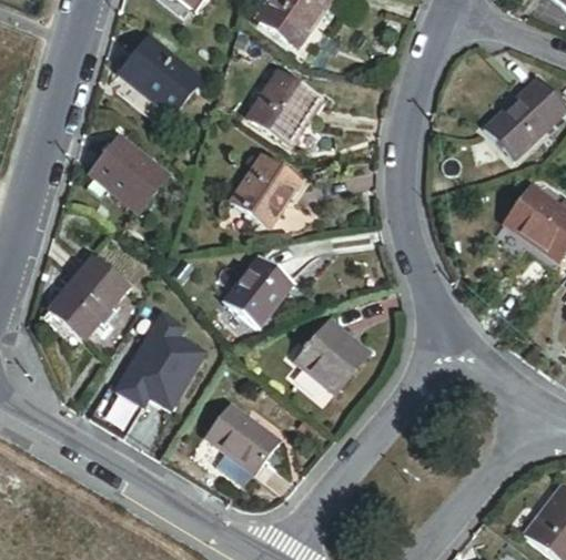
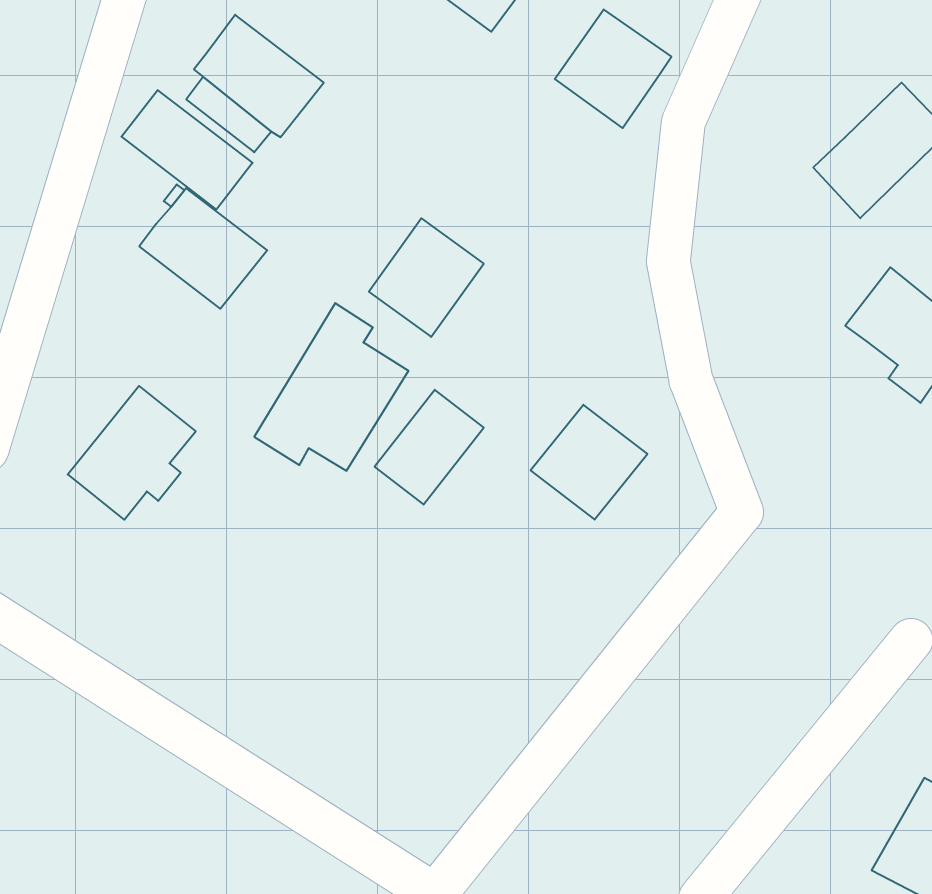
building: [250,78,319,147] -> [555,9,671,128]
building: none -> [121,90,253,209]
building: [115,309,206,408] -> [254,303,409,471]
building: [297,322,366,389] -> [531,405,647,520]
building: [206,404,279,472] -> none

